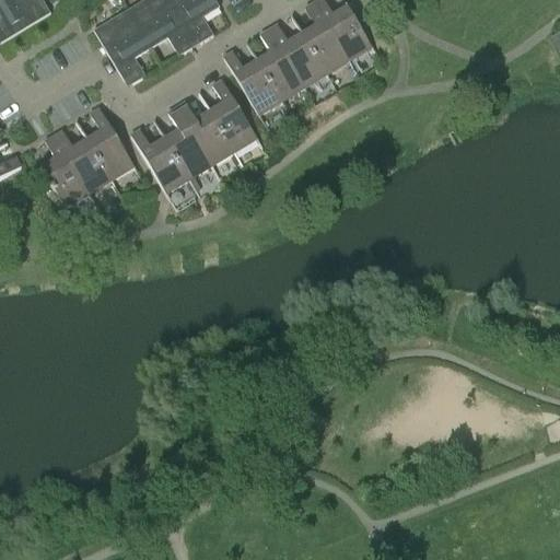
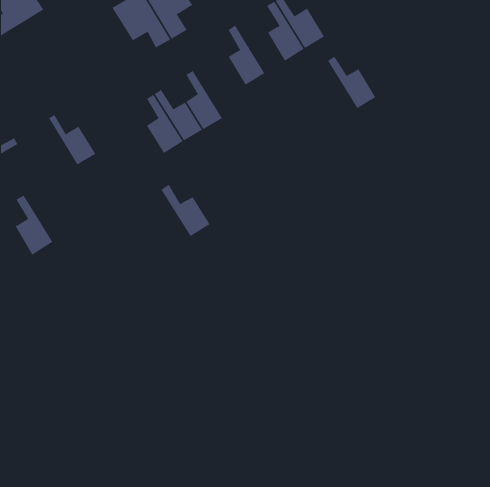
building: [94,9,152,85] -> none
building: [269,23,325,83] -> [327,56,376,109]
building: [223,50,280,112] -> none
building: [90,107,132,175] -> none
building: [130,129,187,189] -> [160,184,210,237]
building: [45,135,89,203] -> [15,195,53,255]

